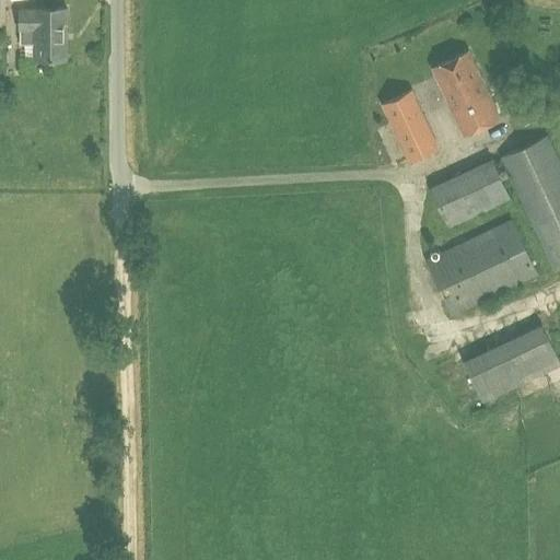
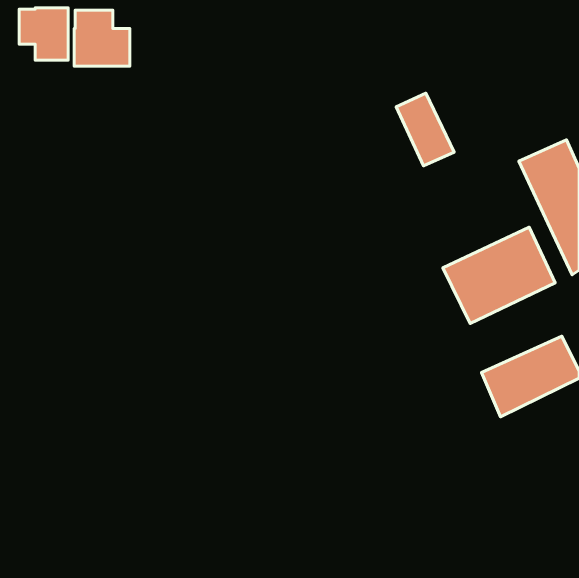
building: none -> [74,10,130,66]
building: [431,52,499,136] -> none
building: [430,158,511,228] -> none

